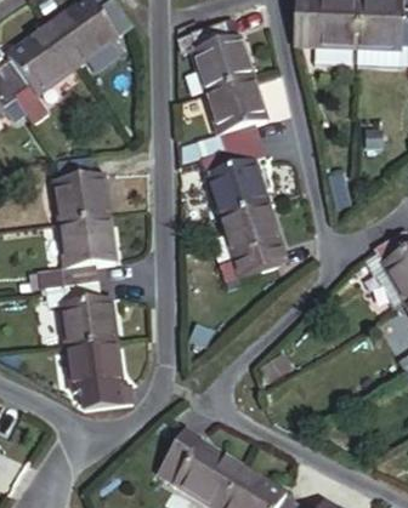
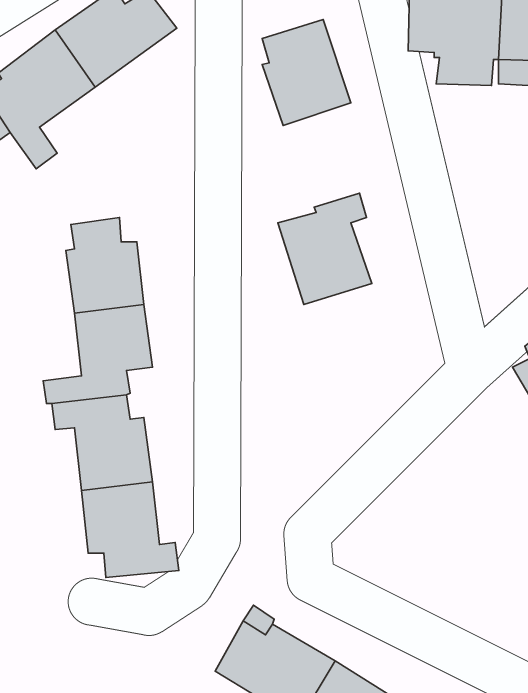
building: [198,76,267,156] -> none
building: [220,202,282,281] -> none

